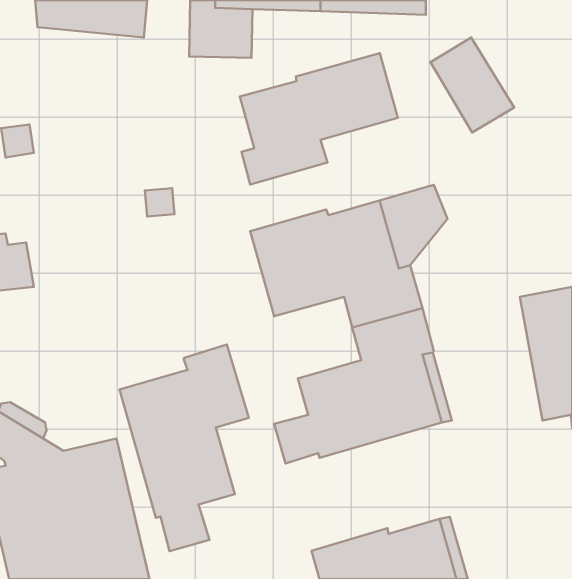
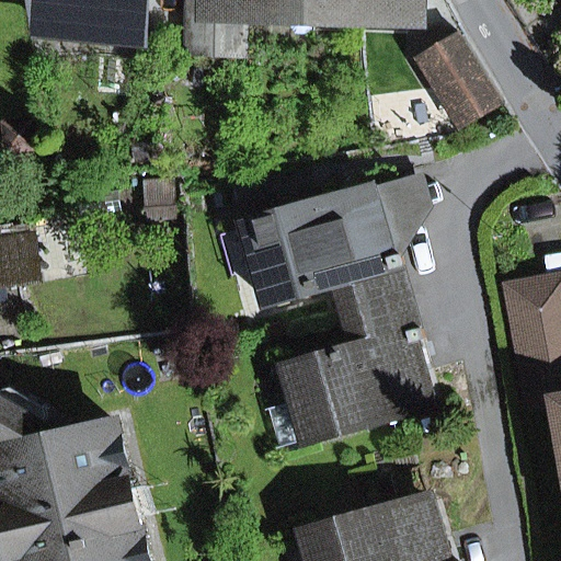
building: [240,53,398,185] -> none
building: [119,345,249,551] -> none

